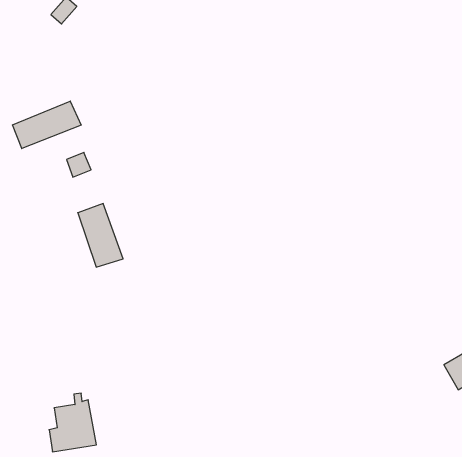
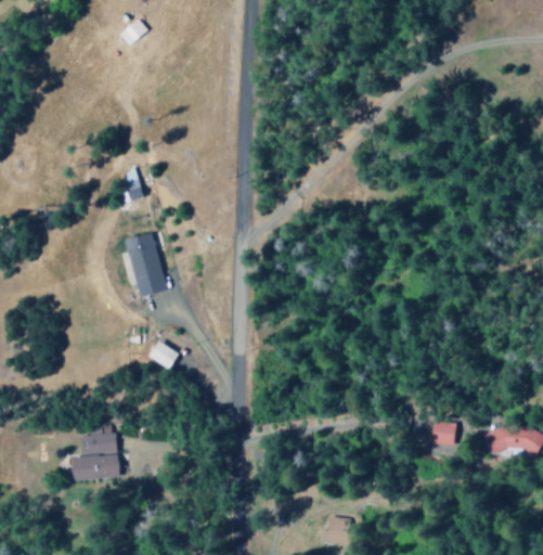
building: [12,101,81,149] -> none
building: none -> [150,341,180,370]
building: none -> [431,422,453,444]

